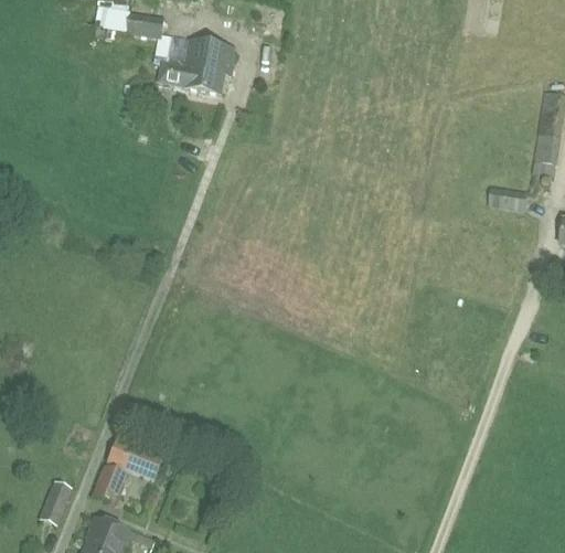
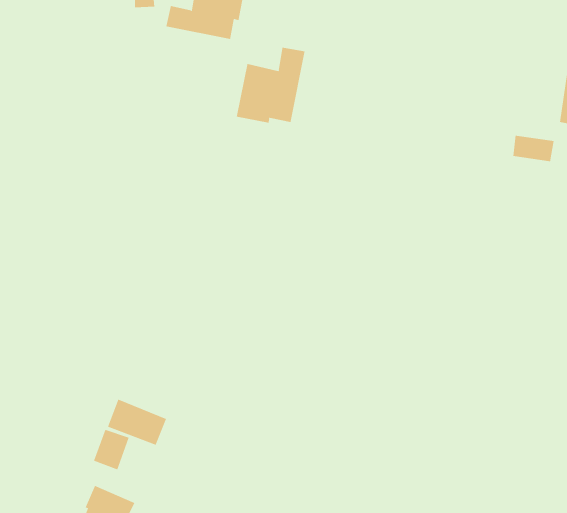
building: none -> [236,47,305,124]
building: [39,479,72,524] -> none

